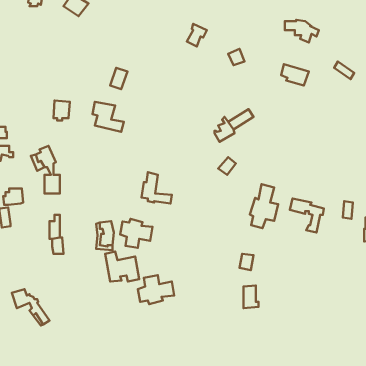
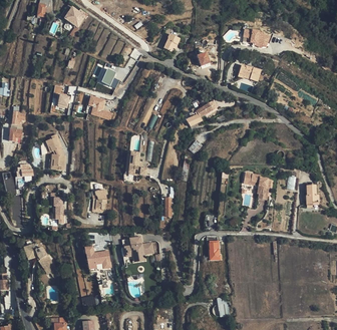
building: [250,184,278,228] -> none
building: [120,219,153,248] -> none
building: [105,251,139,282] -> [85,245,112,269]

